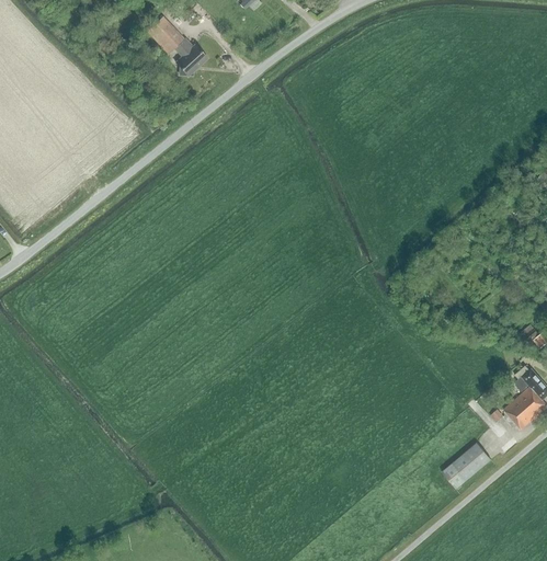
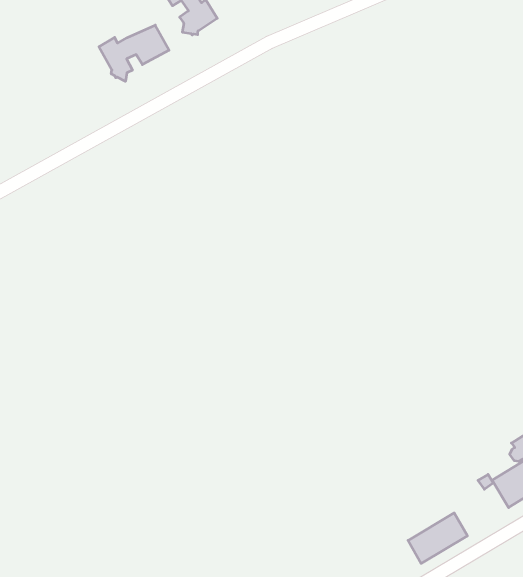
building: none -> [99,25,169,81]

